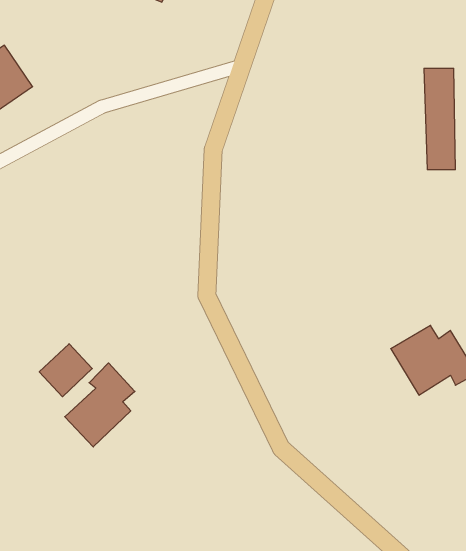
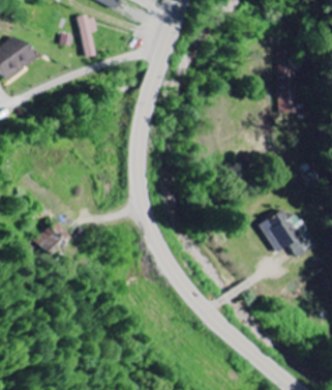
building: none -> [76,14,96,58]
building: [65,363,135,447] -> none

